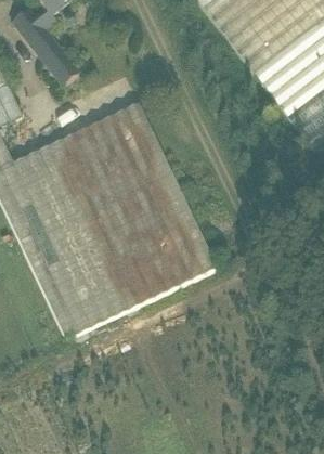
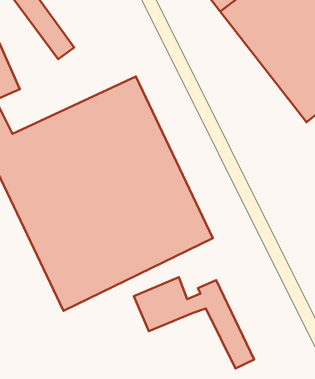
building: none -> [134,277,254,369]

